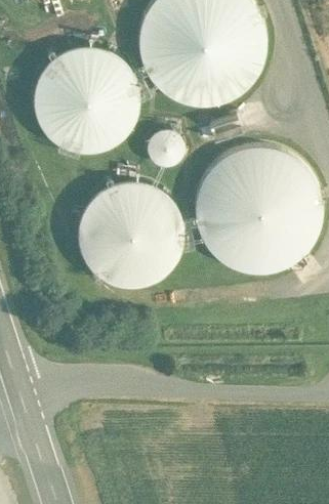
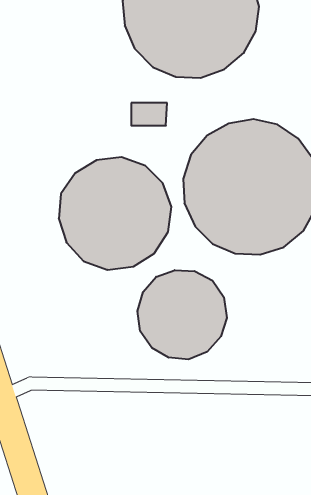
building: [33,46,139,153] -> none
building: none -> [138,270,227,359]

